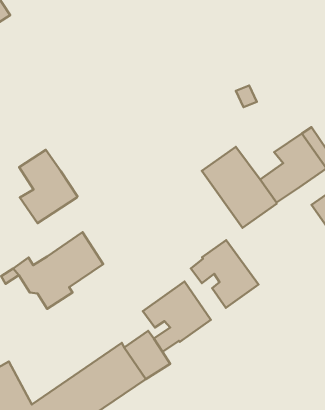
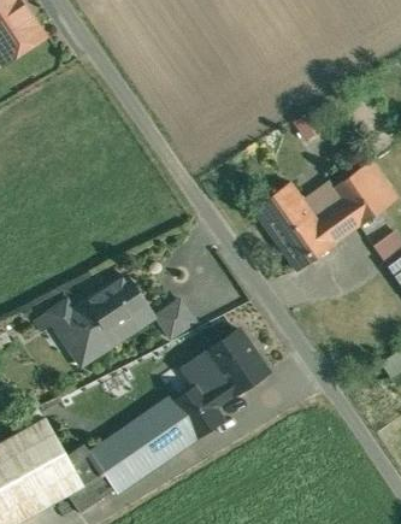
building: [19,150,77,223] -> none
building: [191,240,258,308] -> none
building: none -> [153,300,194,340]

